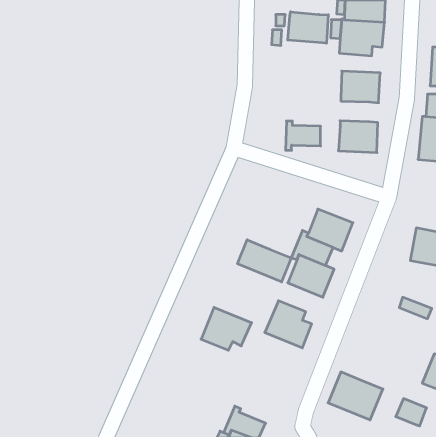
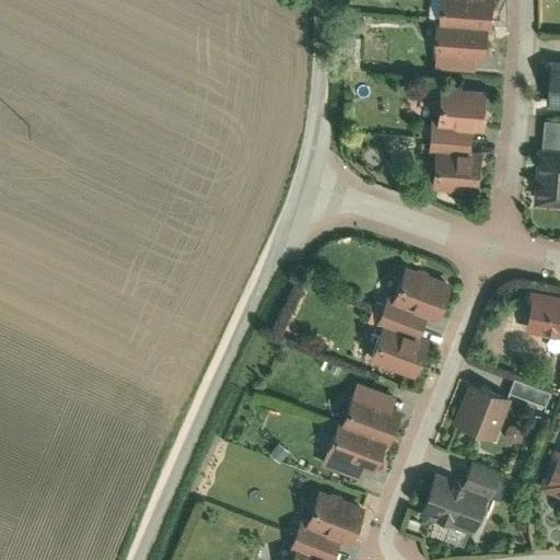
building: [288,12,328,43] -> none
building: [286,121,321,150] -> [429,125,474,162]
building: [238,240,291,282] -> none
building: none -> [455,384,508,441]
building: [201,307,252,350] -> [324,425,388,480]
building: none -> [307,491,366,546]
building: [396,399,427,426] -> [464,464,503,499]

